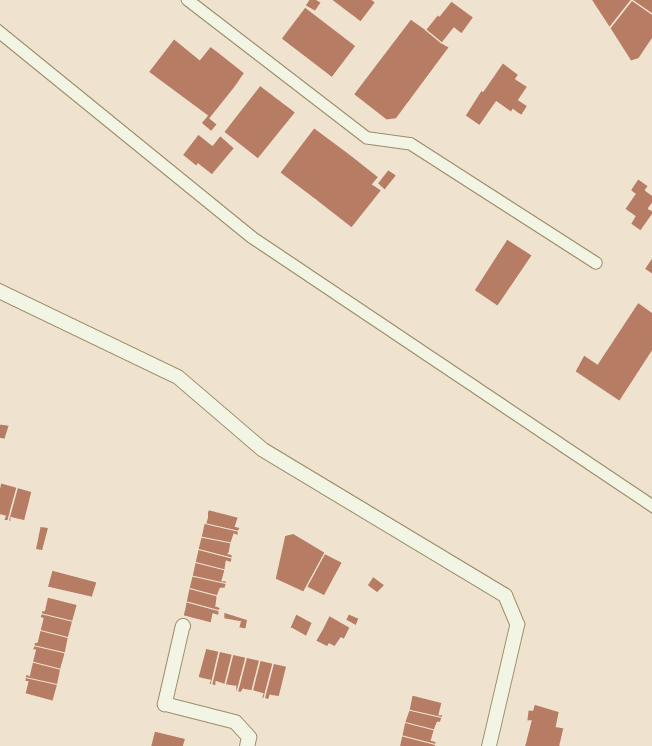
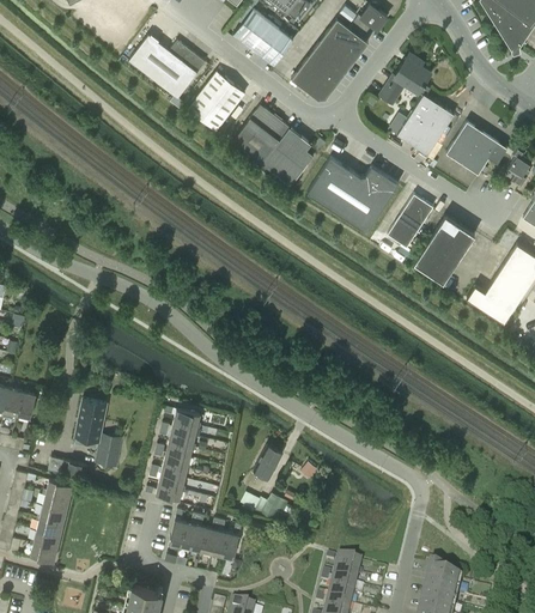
building: none -> [388,95,454,156]
building: [182,134,234,175] -> none
building: none -> [446,122,506,174]
building: none -> [306,158,399,233]
building: none -> [413,216,474,284]
building: none -> [74,399,121,468]
building: [275,533,325,592] -> none

